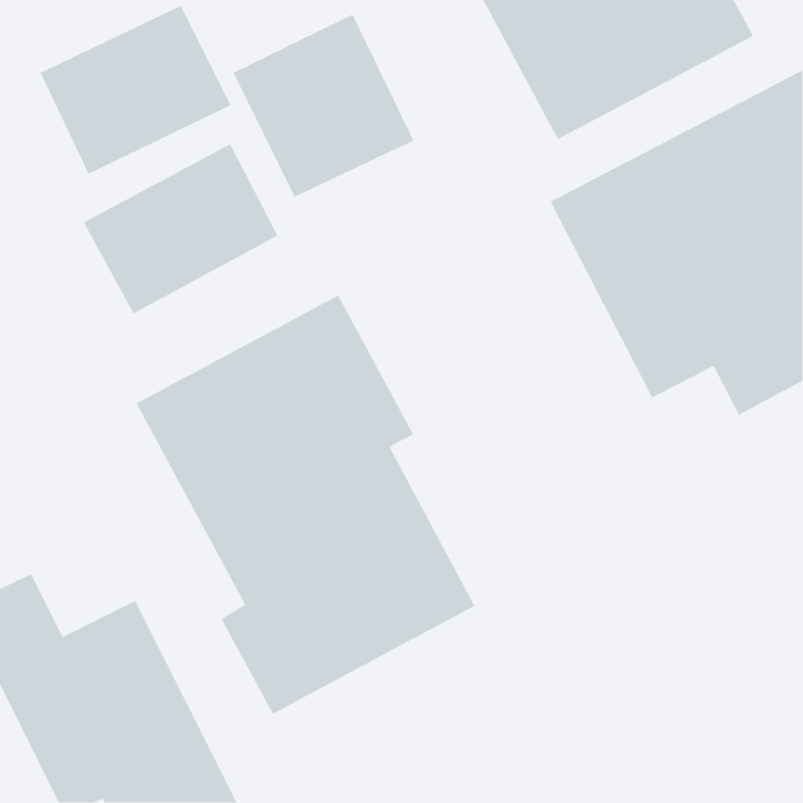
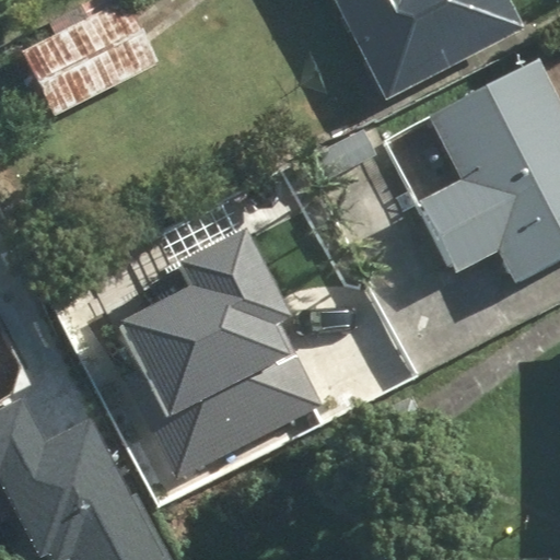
building: [233,14,414,198] -> none
building: [83,143,278,314] -> none

